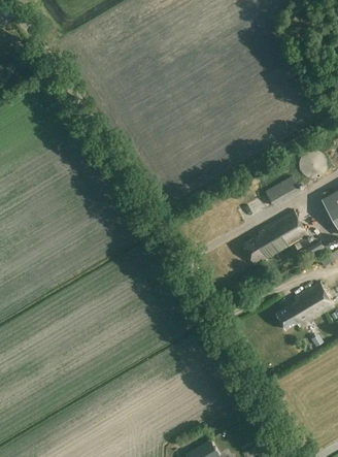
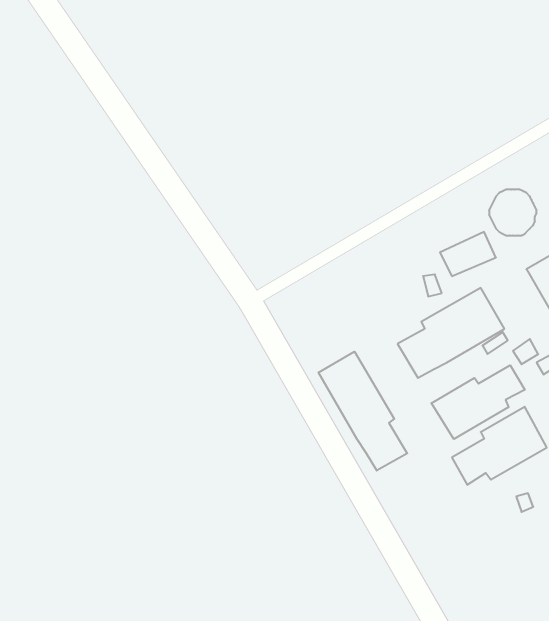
building: none -> [319,352,407,471]
building: none -> [431,365,525,439]

